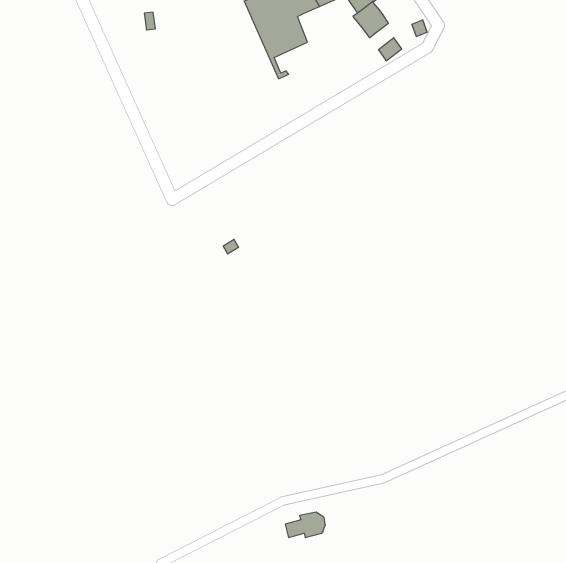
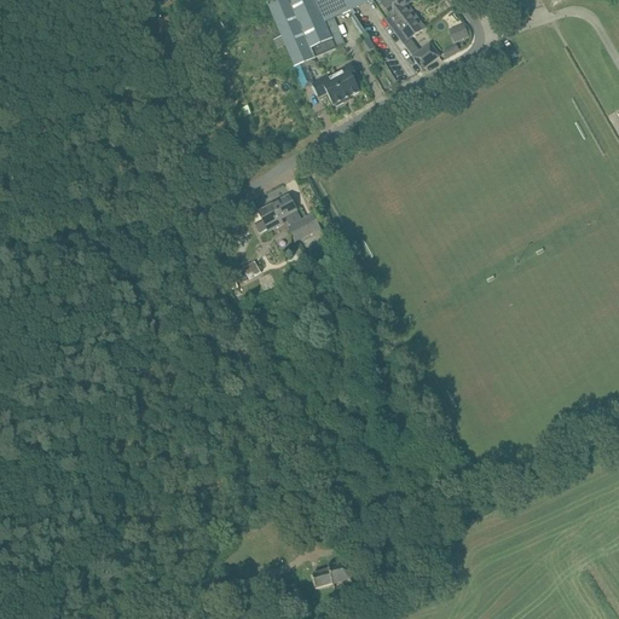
building: none -> [312,63,358,104]
building: none -> [254,193,318,238]

